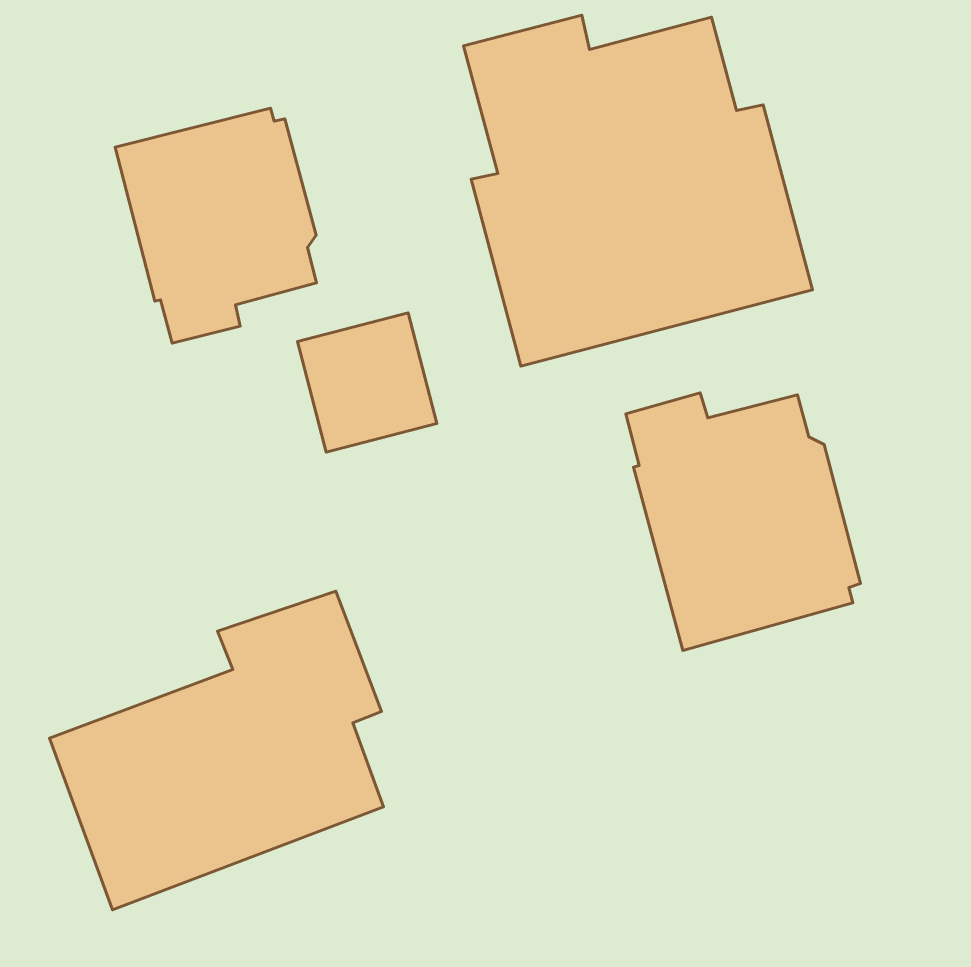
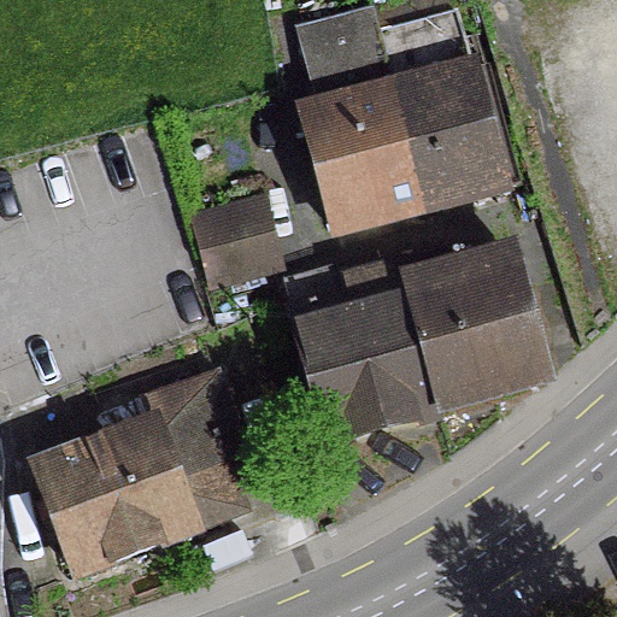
building: [115,108,317,343] -> none
building: none -> [283,252,434,441]

